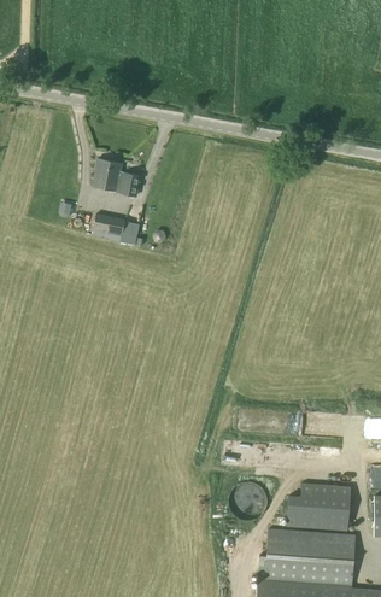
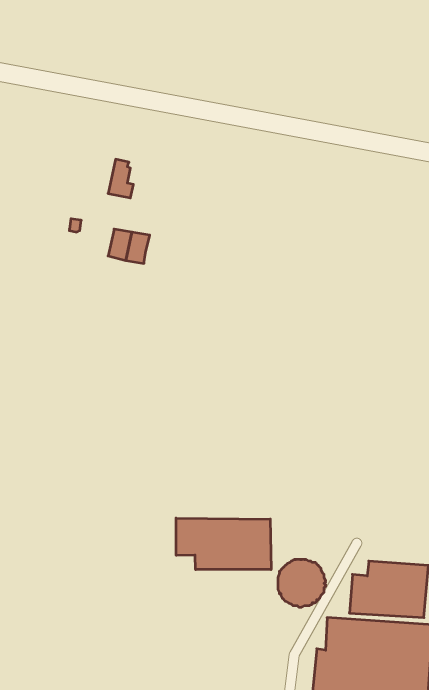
building: [107,160,140,197] -> none
building: none -> [176,518,271,570]

